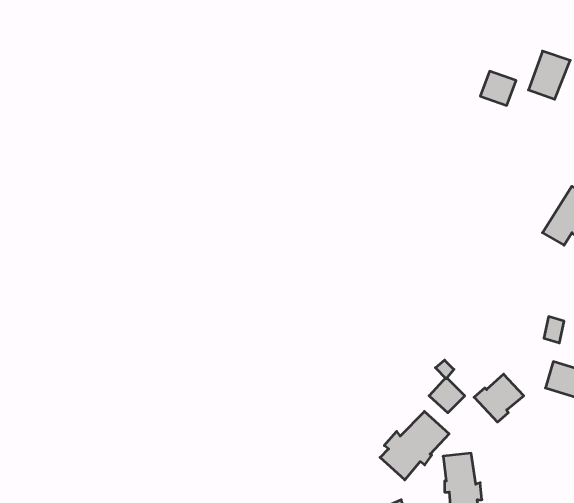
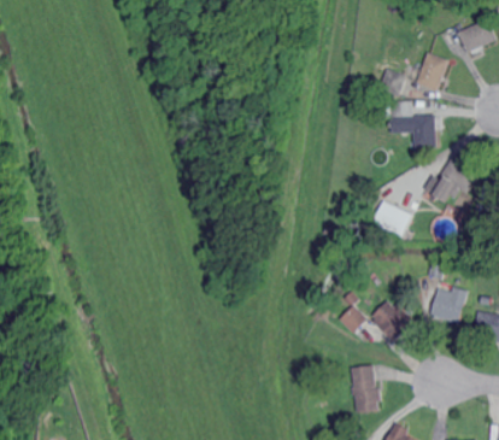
building: none -> [391,100,435,146]
building: none -> [372,201,411,236]
building: [380,411,449,480] -> none

